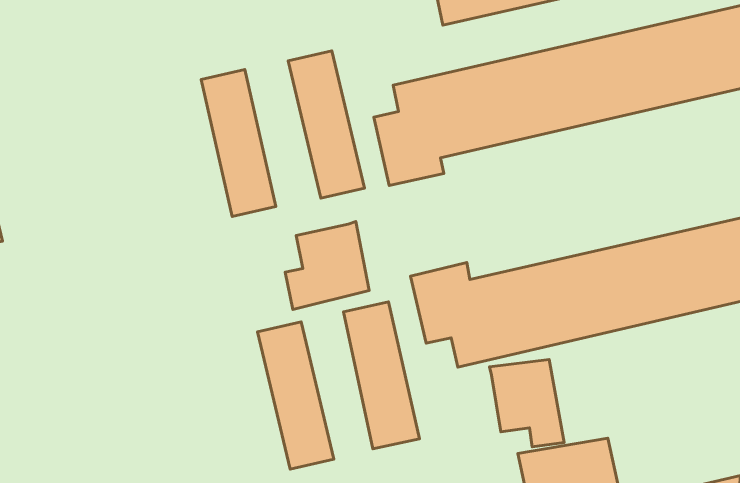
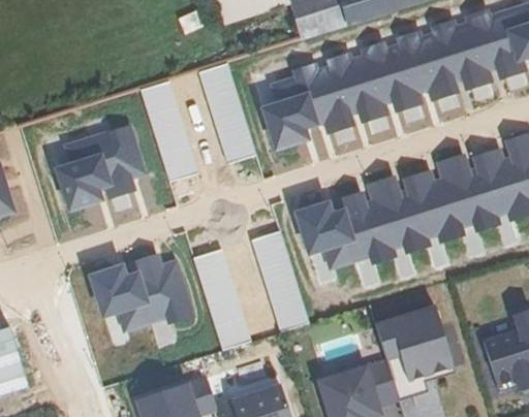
building: none -> [53,122,146,211]
building: [285,221,369,309] -> none
building: none -> [89,251,196,330]
building: [489,359,564,447] -> none

